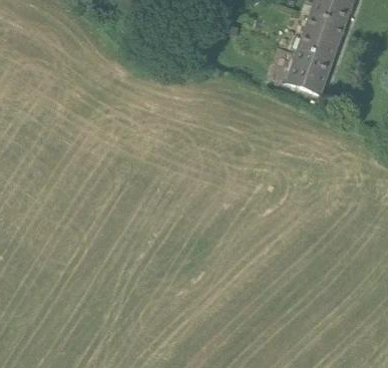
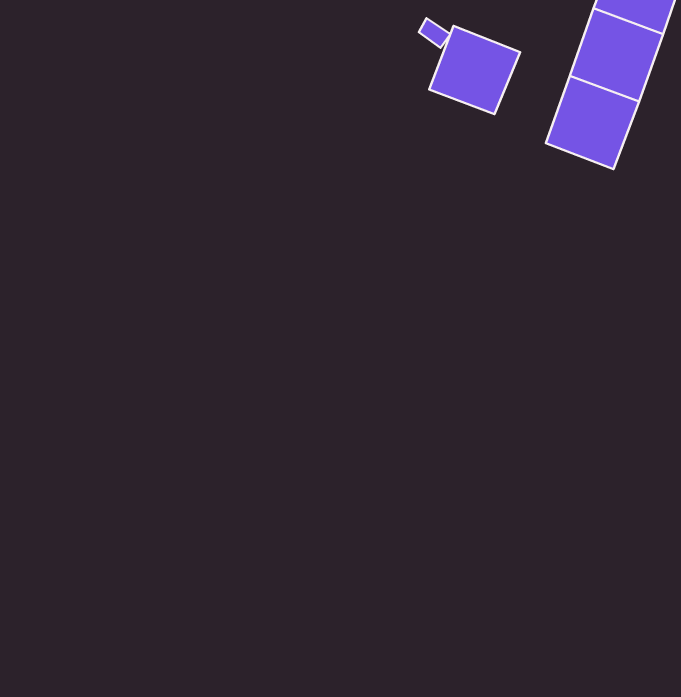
building: none -> [429,26,520,114]

